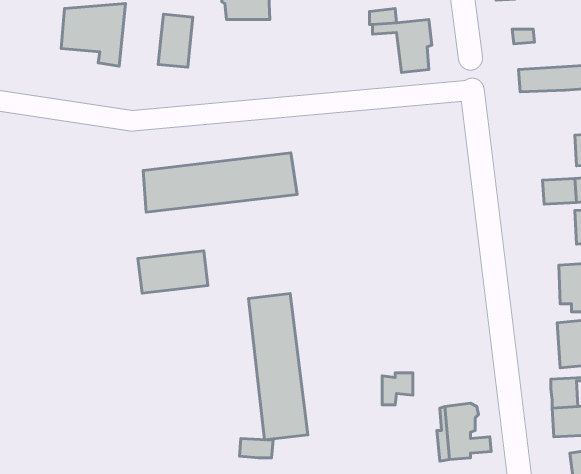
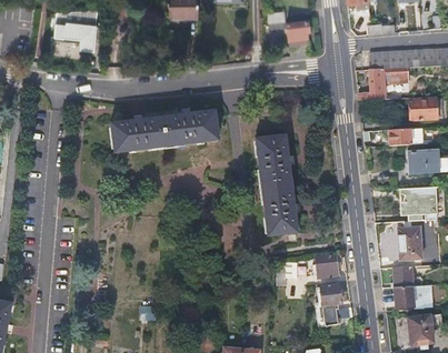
building: [158,14,193,67] -> none
building: none -> [359,68,404,100]
building: [138,251,208,293] -> none
building: [248,294,308,440] -> [256,135,297,236]
building: none -> [312,256,339,279]

